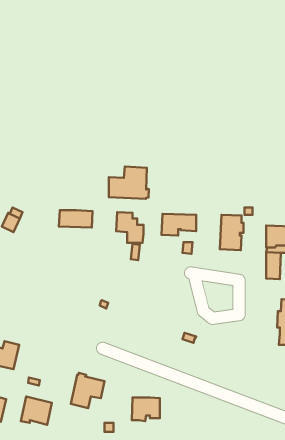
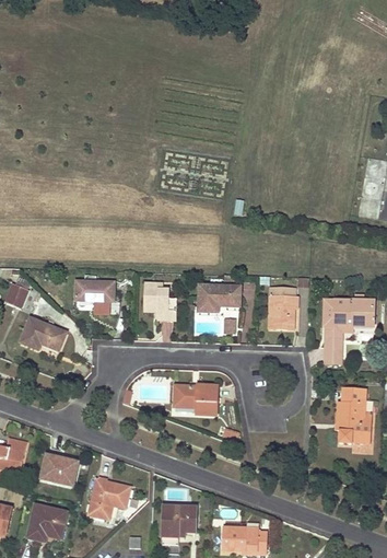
building: [109,167,149,199] -> none
building: none -> [21,317,67,349]
building: none -> [174,384,218,415]
building: none -> [42,454,80,485]
building: none -> [223,521,268,551]

